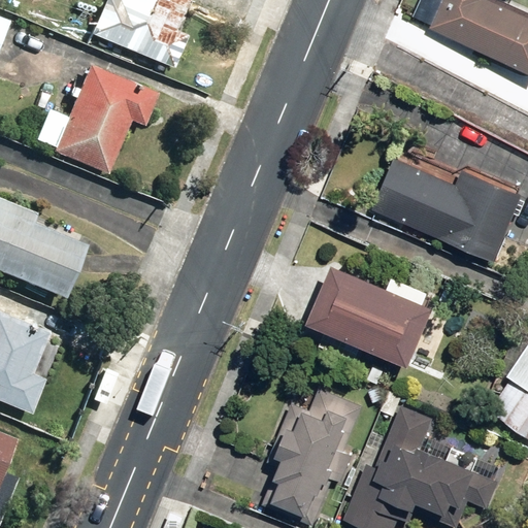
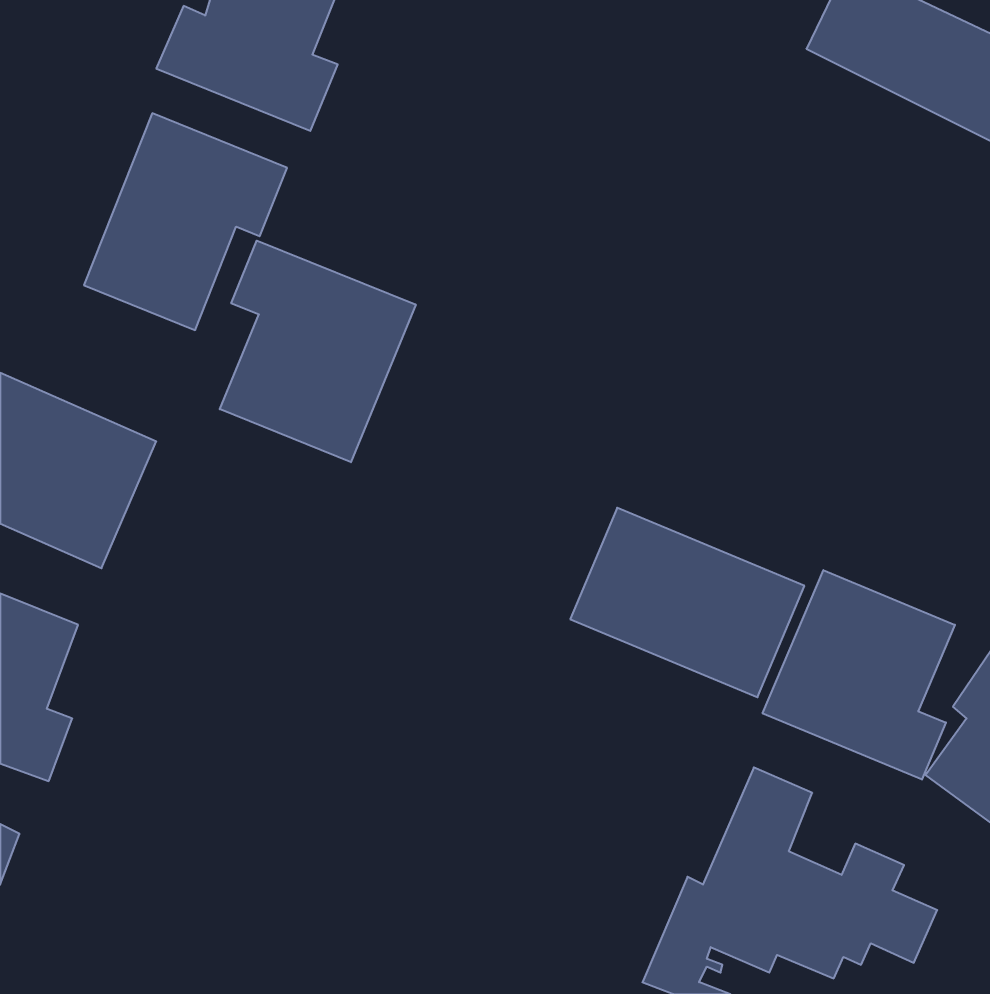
building: none -> [220,241,416,462]
building: [374,160,520,262] -> none
building: none -> [763,570,955,780]
building: [265,391,363,519] -> none

